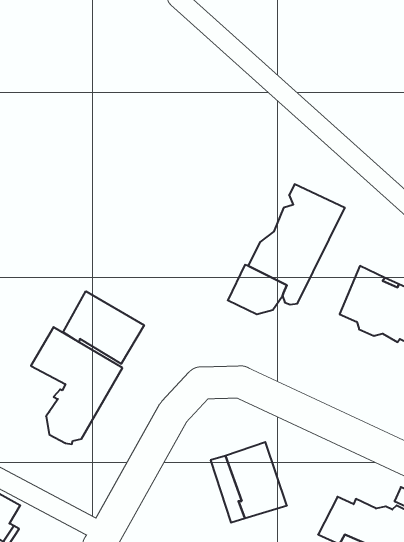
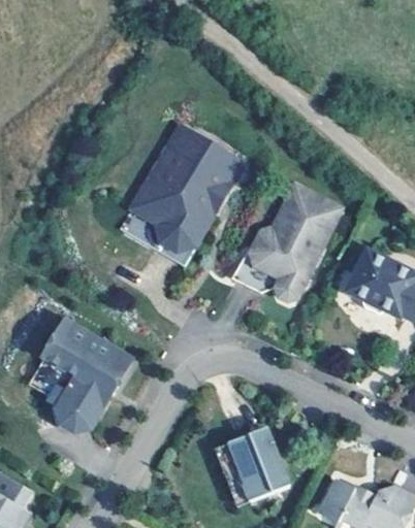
building: none -> [128,104,256,250]
building: [63,291,144,364] -> none
building: none -> [30,354,77,398]

